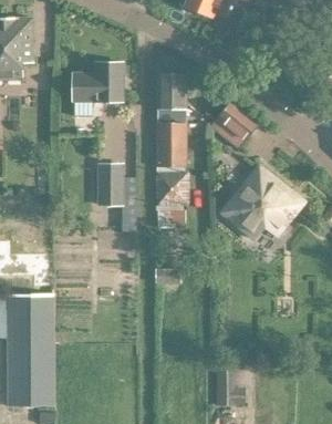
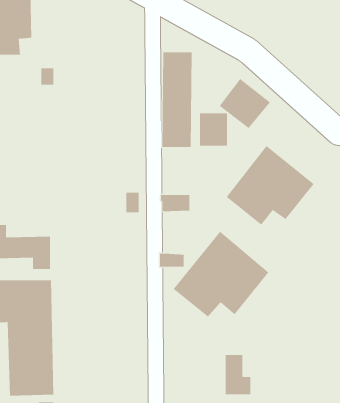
building: [73,63,124,102] -> none
building: [98,165,123,205] -> none
building: [157,173,185,205] -> [199,113,228,146]
building: none -> [173,231,269,317]

